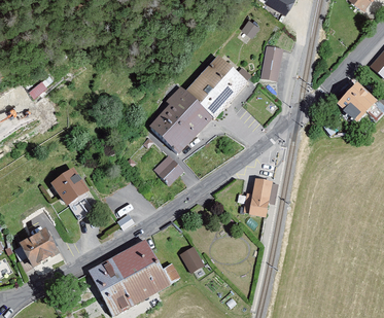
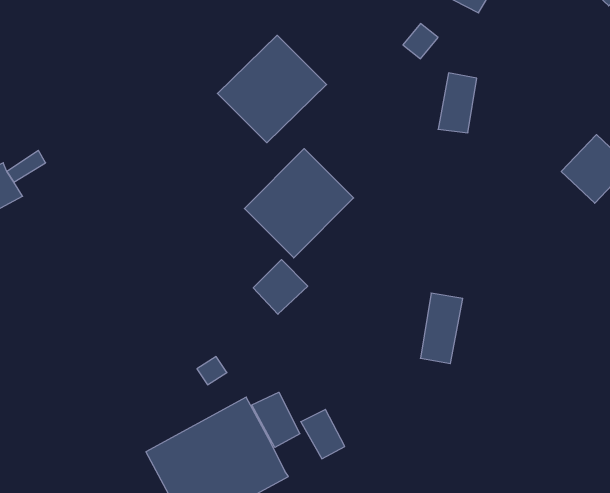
building: [182,57,246,119] -> [217,35,327,143]
building: [55,170,92,209] -> none
building: [16,222,62,264] -> none
building: none -> [252,392,300,447]

